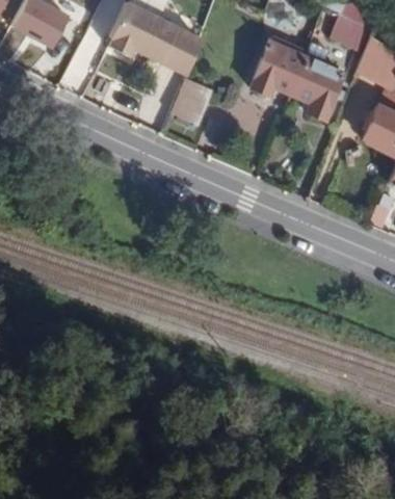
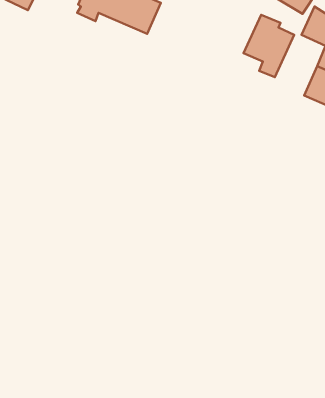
building: [254,41,313,97] -> none
building: [169,79,213,127] -> none

